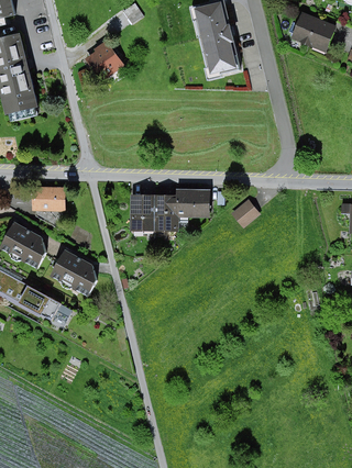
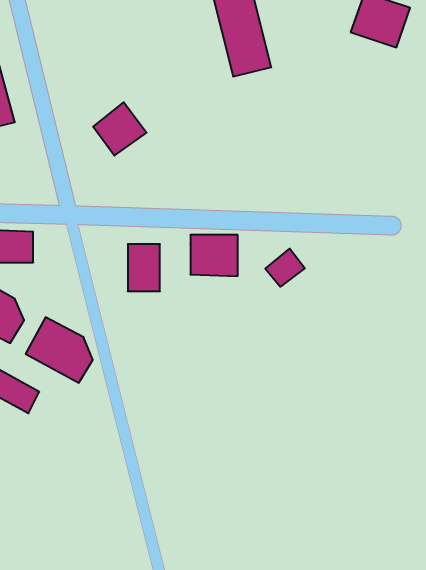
building: [85,40,123,78] -> [93,102,147,156]
building: [147,197,169,231] -> none

